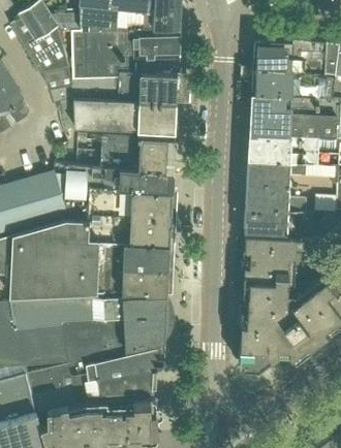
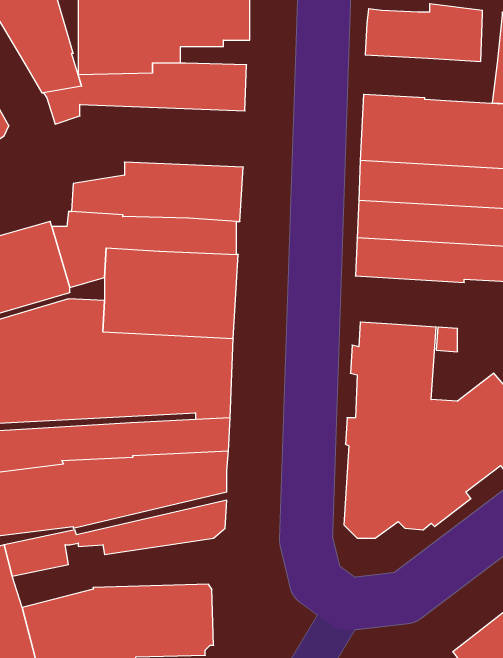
building: [252,68,292,95] -> none
building: [59,99,178,133] -> none
building: [246,206,315,235] -> none
building: [68,371,158,396] -> none

